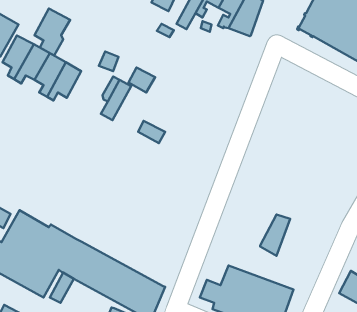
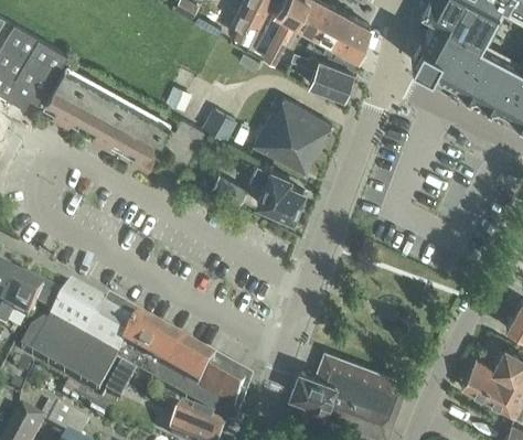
building: [35,8,70,56] -> [126,111,170,170]
building: none -> [310,56,352,95]
building: none -> [253,97,332,172]
building: none -> [252,162,303,216]
building: [260,214,290,256] -> none

